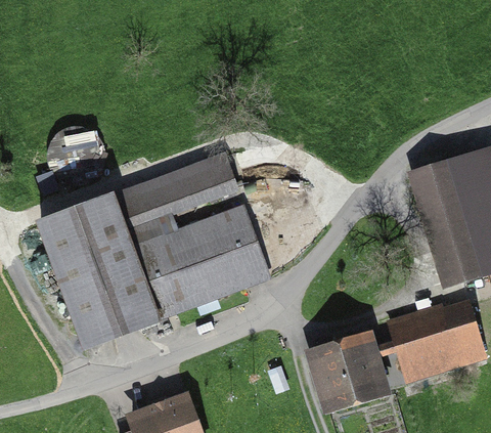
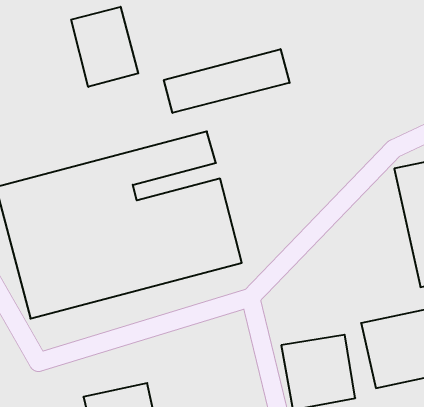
building: none -> [71,7,138,87]
building: none -> [164,49,290,113]

